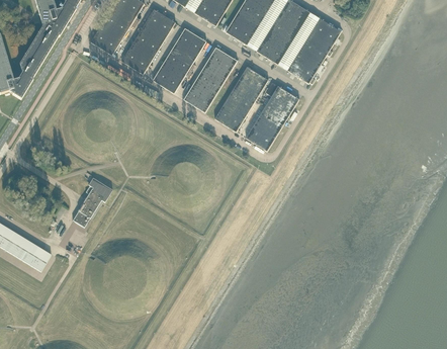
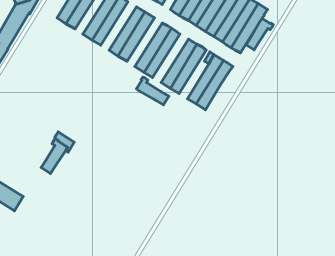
building: none -> [246,19,273,50]
building: none -> [136,77,169,105]

